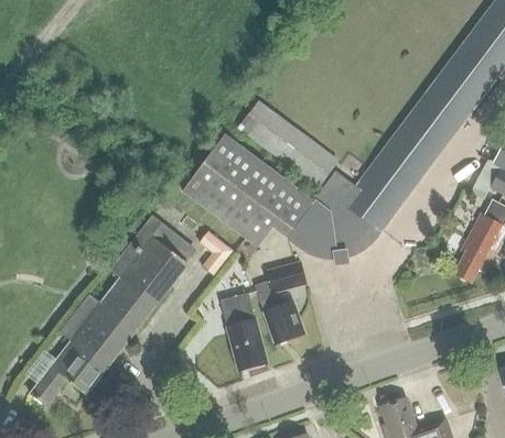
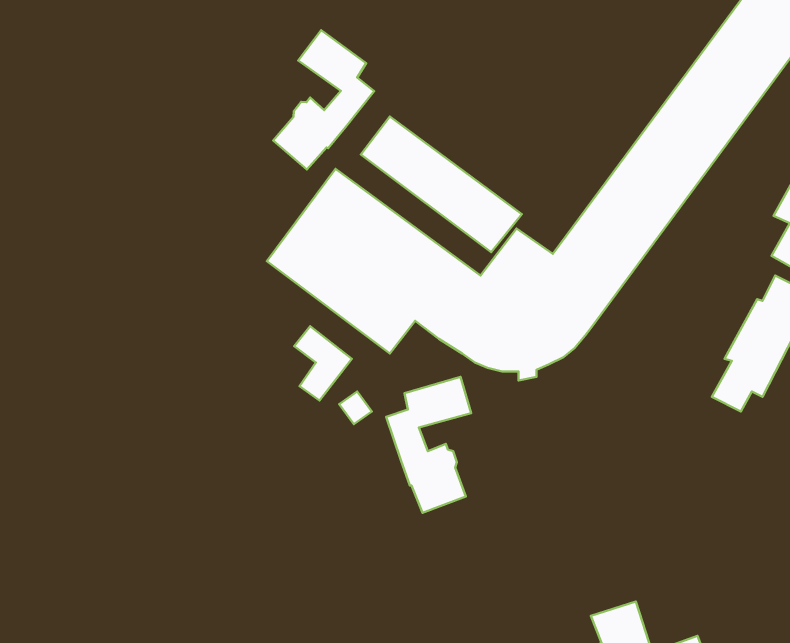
building: none -> [273,30,374,170]
building: [30,217,194,406] -> none
building: [221,293,267,370] -> none

